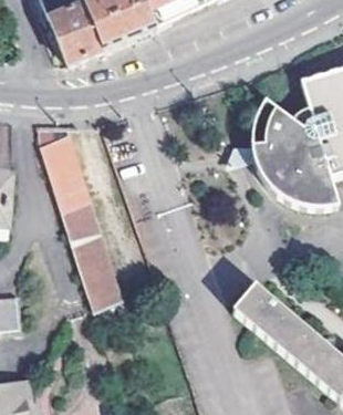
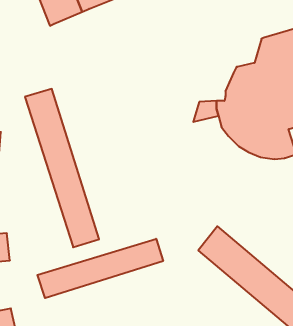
building: none -> [37,239,163,298]

